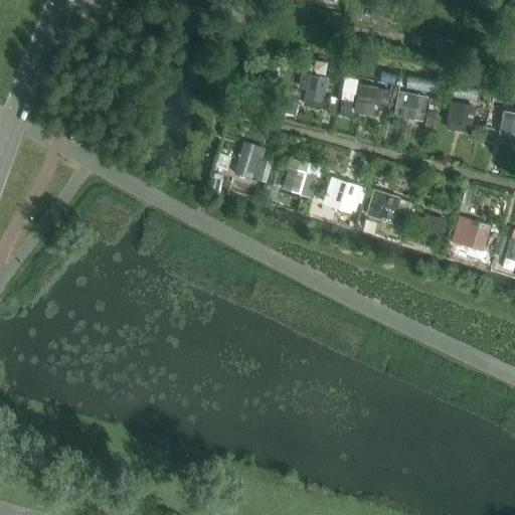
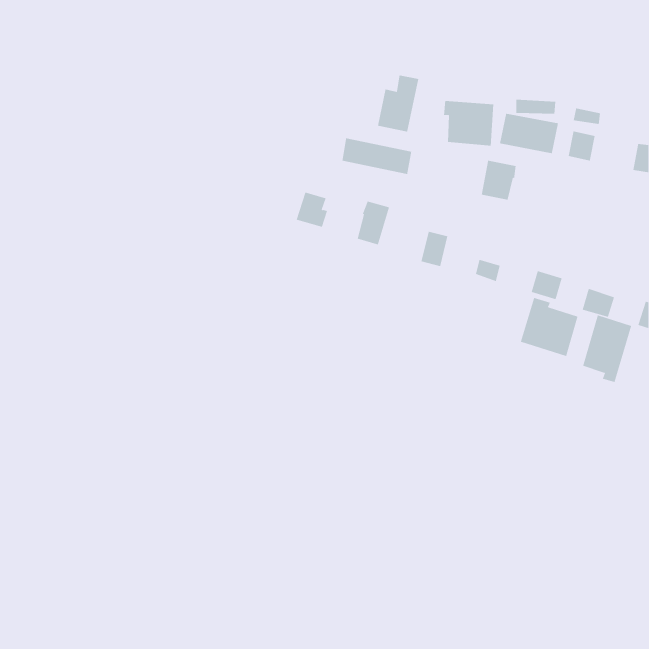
building: none -> [342,137,412,175]
building: none -> [481,160,516,200]
building: none -> [520,297,578,357]
building: none -> [583,314,632,383]

